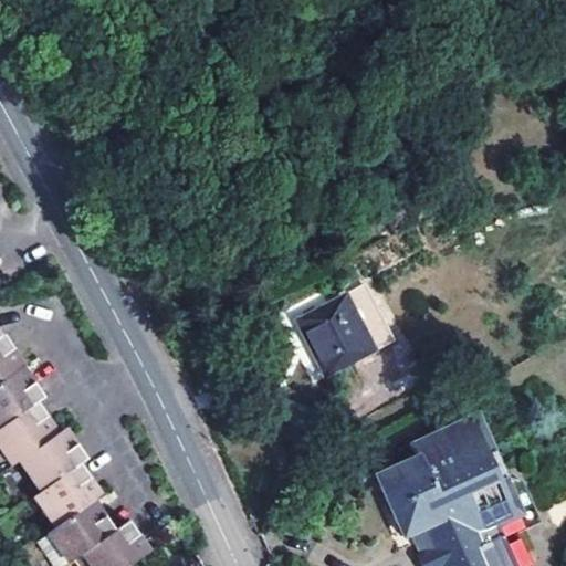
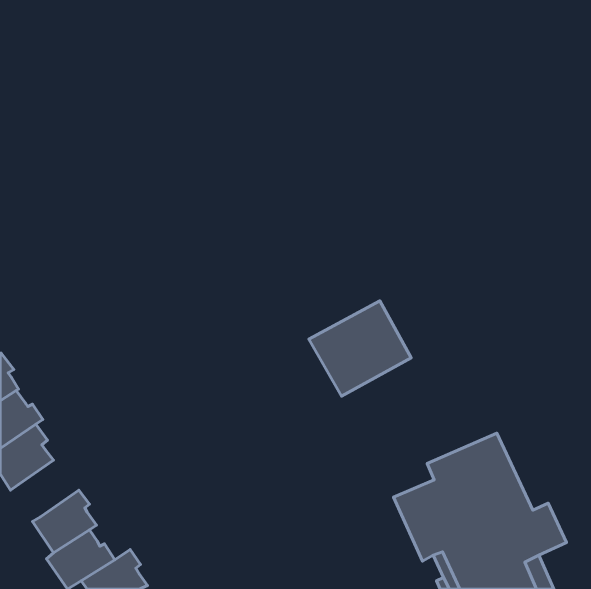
building: [20,433,84,492] -> none

